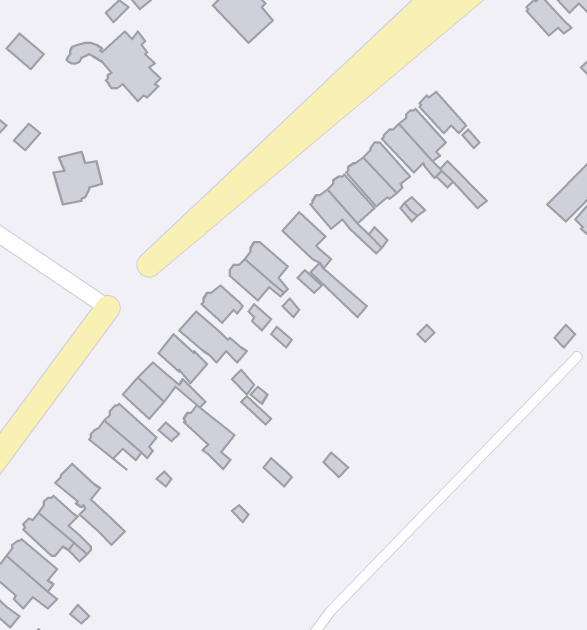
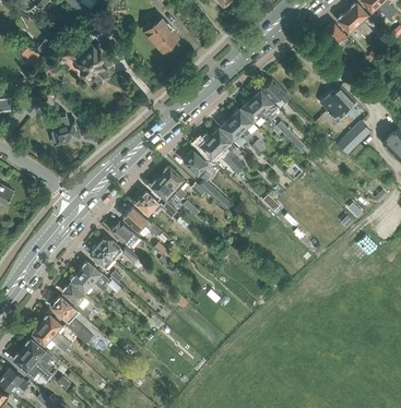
building: none -> [319,87,355,119]
building: [184,405,234,469] -> [62,281,92,319]

